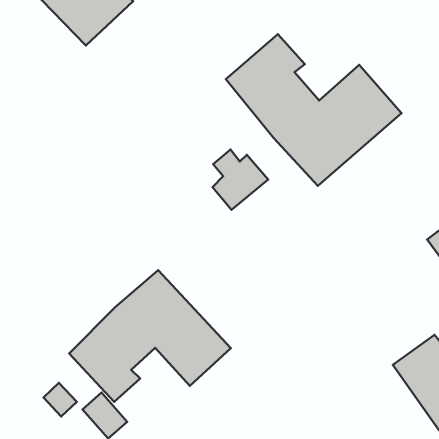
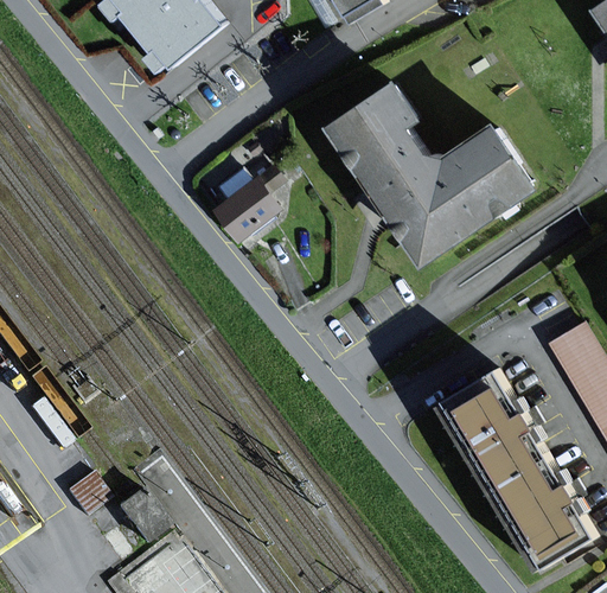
building: [213,150,268,210] -> [217,171,285,243]
building: none -> [439,371,547,490]
building: [69,270,231,402] -> none

